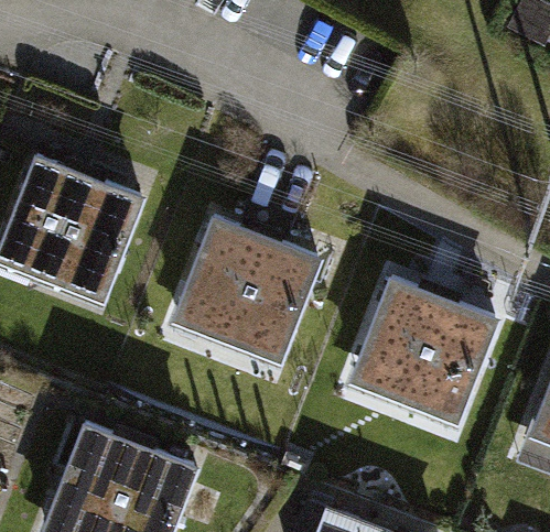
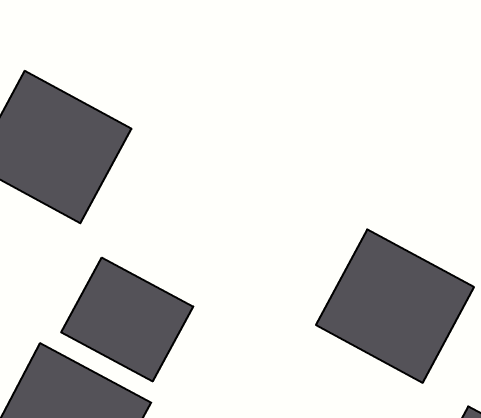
building: [171,221,324,367] -> none
building: none -> [61,258,193,381]

